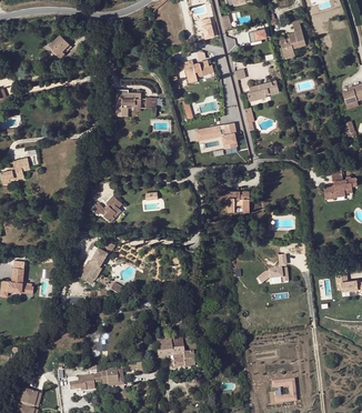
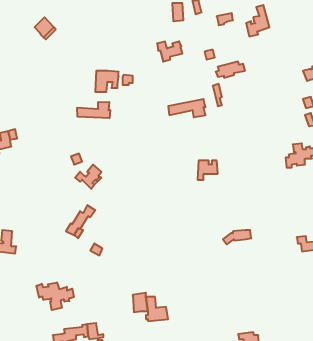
building: none -> [77,102,110,118]
building: none -> [36,282,74,310]

